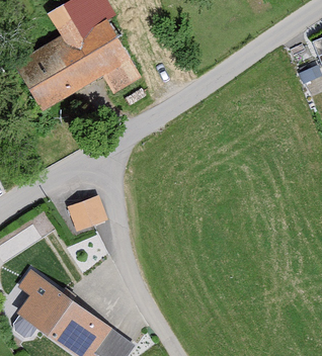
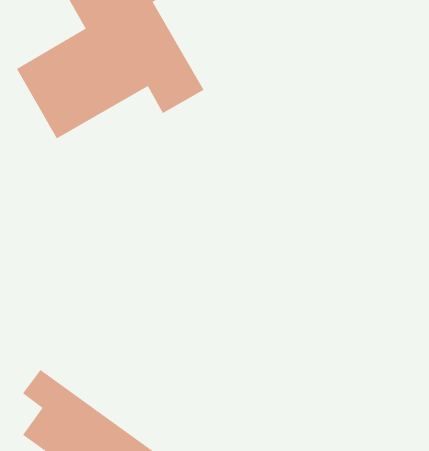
building: [67,195,104,230] -> none

